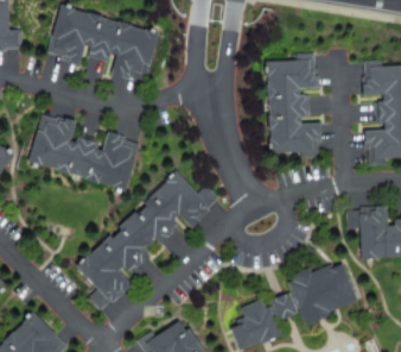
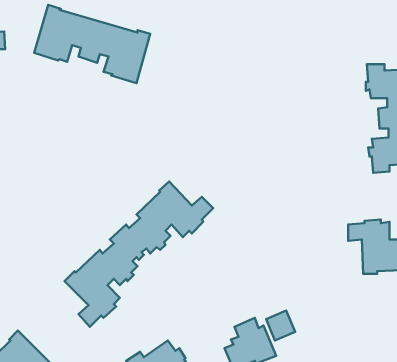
building: [263,56,317,158] -> none
building: [30,117,139,191] -> none
building: [286,265,354,326] -> none

